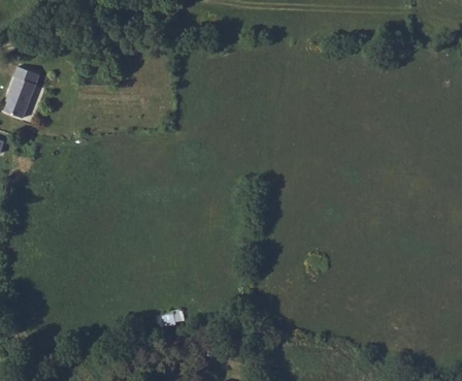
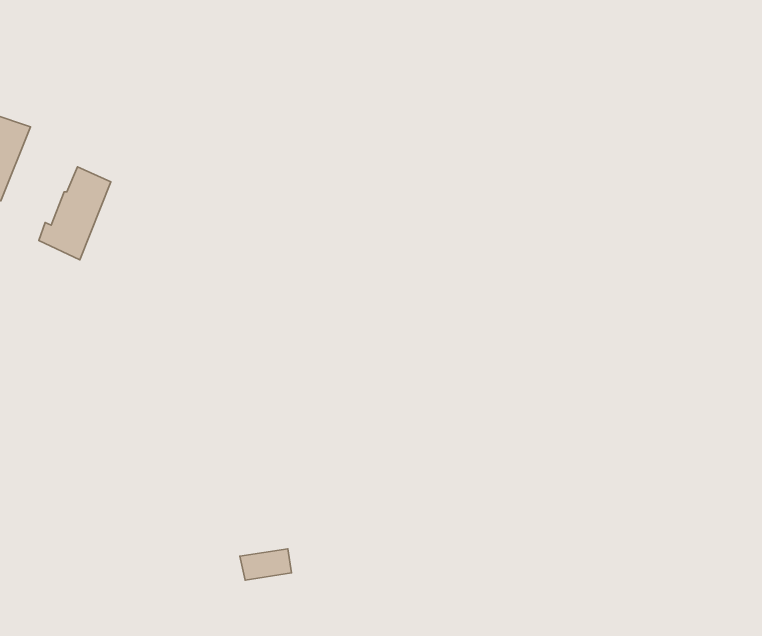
building: none -> [39,167,111,260]

